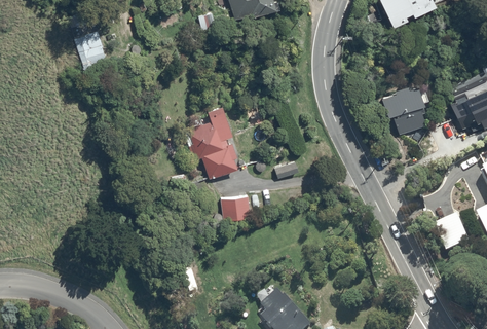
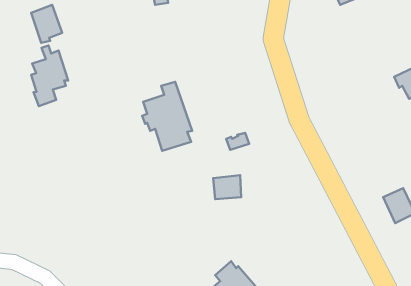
building: none -> [31,46,68,106]
building: [381,86,424,133] -> none
building: [221,194,250,219] -> [213,175,241,199]

